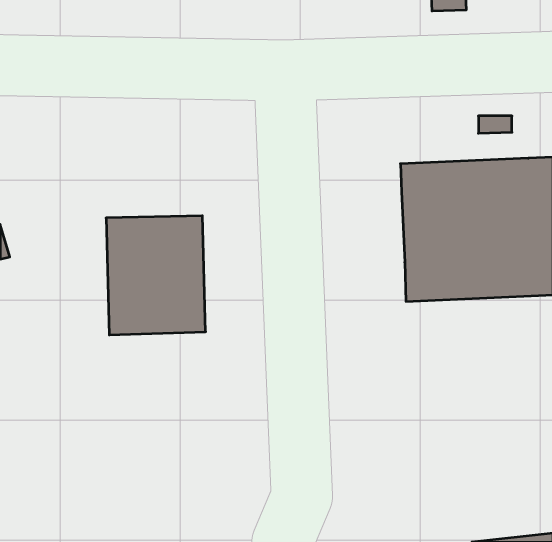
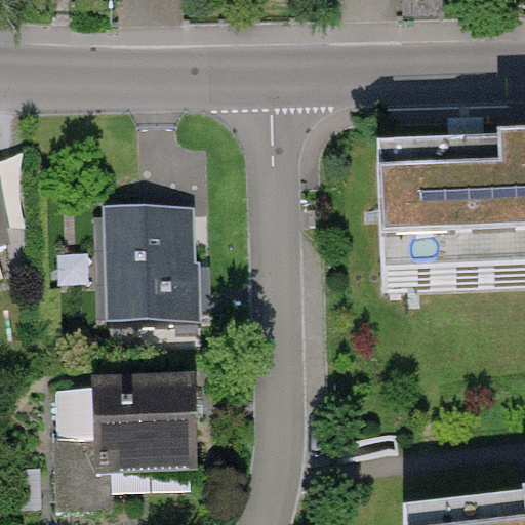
building: none -> [90,377,192,471]

